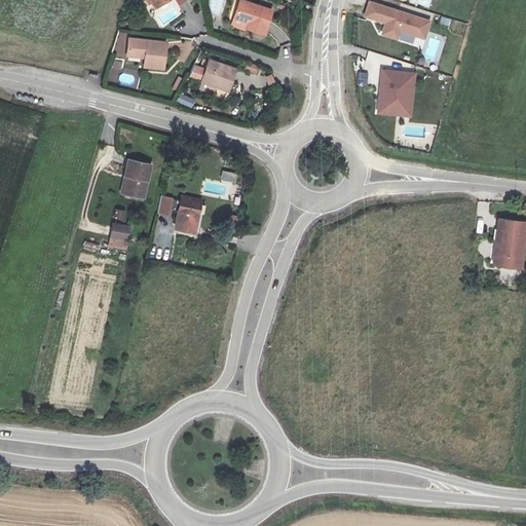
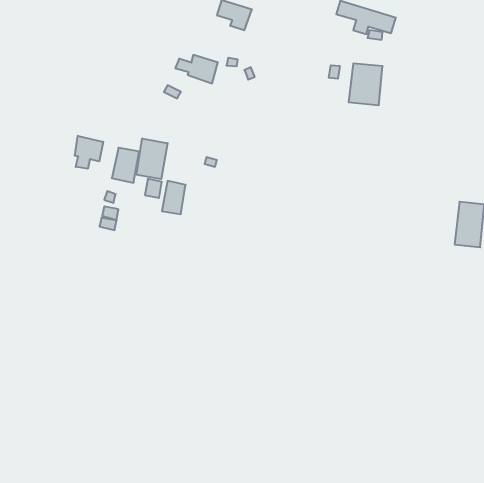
building: [128,38,167,69] -> none
building: none -> [75,136,103,169]
building: none -> [137,138,168,179]

